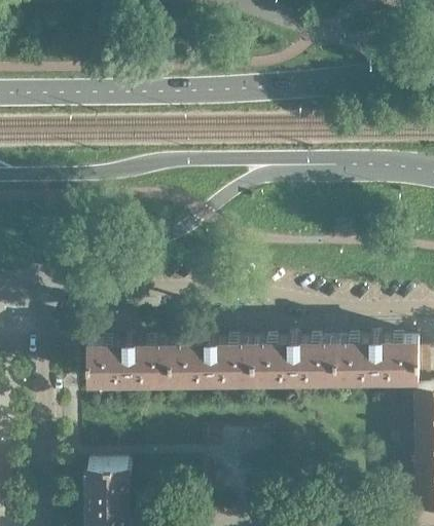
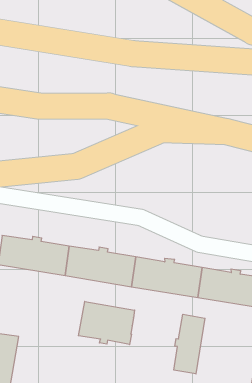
building: none -> [174,314,205,374]
building: none -> [78,301,135,345]

